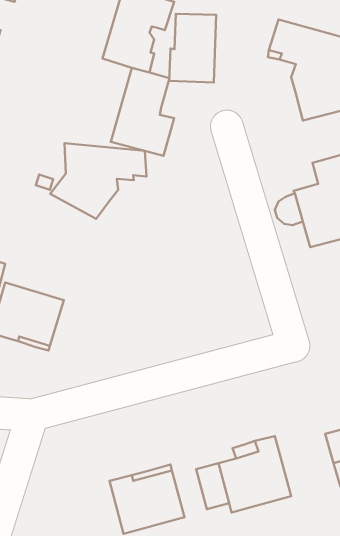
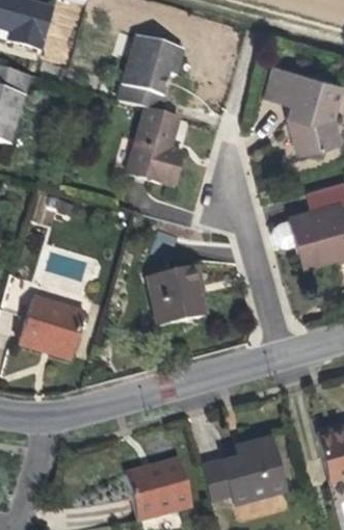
building: [169,14,216,82] -> none
building: [50,143,146,219] -> none
building: none -> [149,266,206,326]

